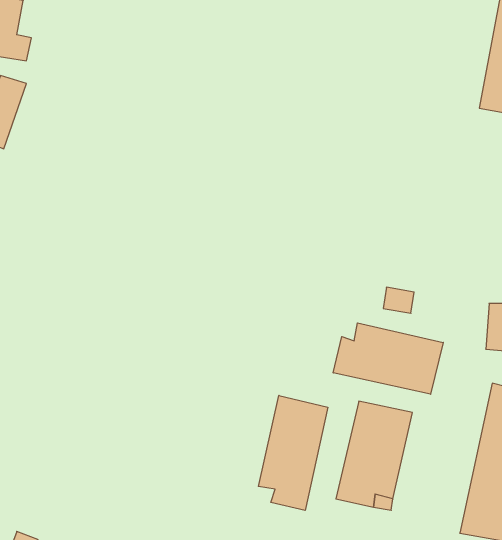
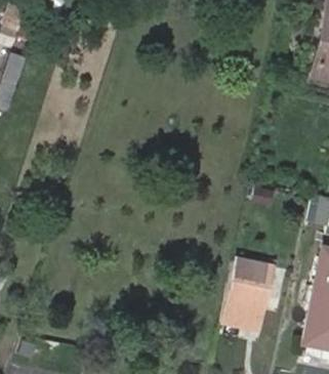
building: [333,323,443,394] -> none
building: [258,395,328,510] -> none

